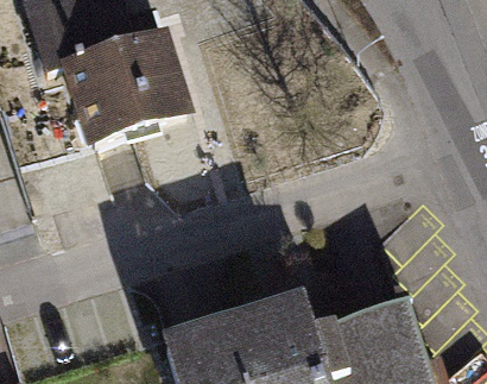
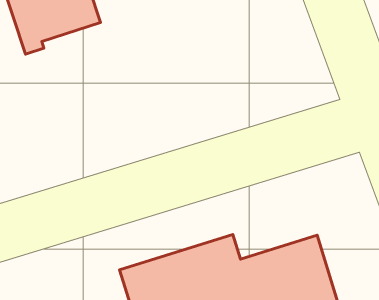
building: [65,26,192,139] -> none

